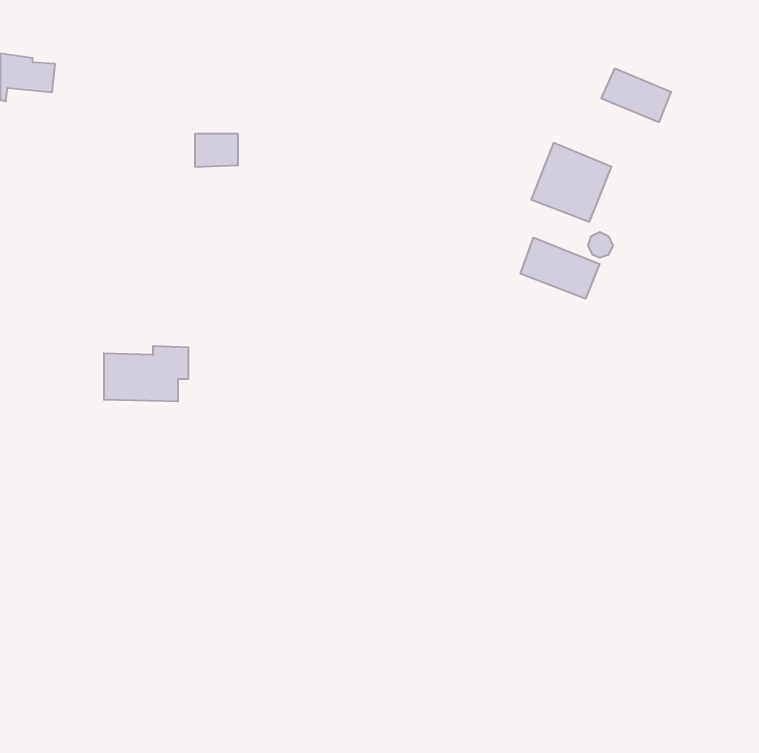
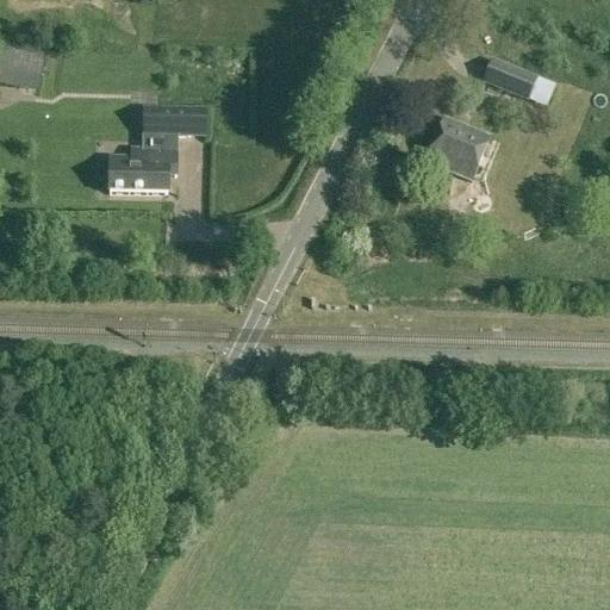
building: [521,238,600,299] -> none
building: [104,346,189,401] -> [110,147,178,191]

